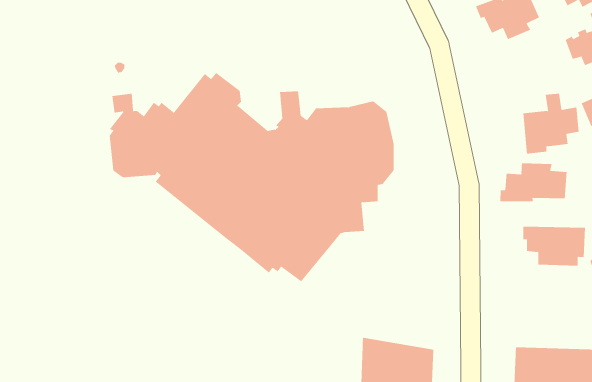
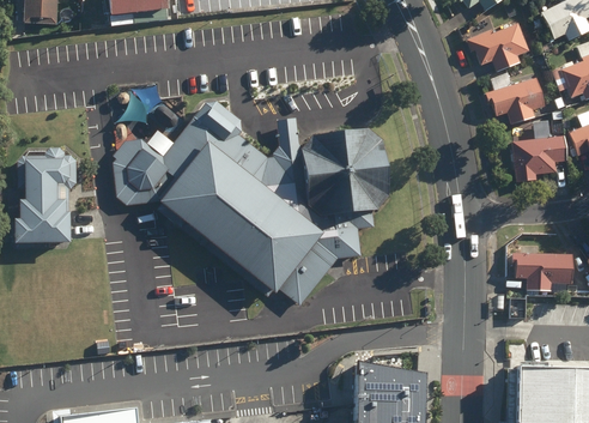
building: none -> [486,74,545,125]
building: none -> [14,149,78,247]
building: [500,162,567,202] -> none

